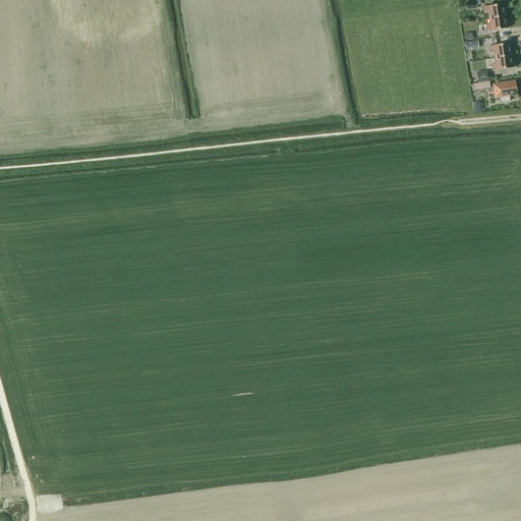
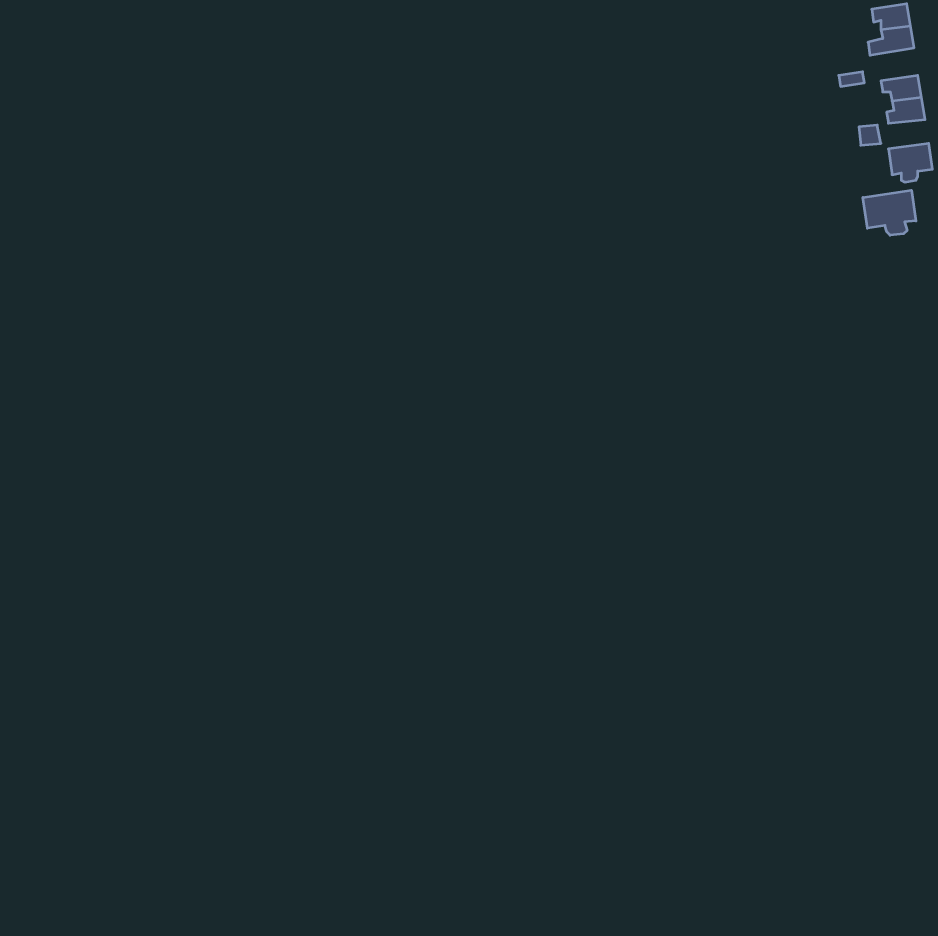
building: none -> [863,190,916,235]

